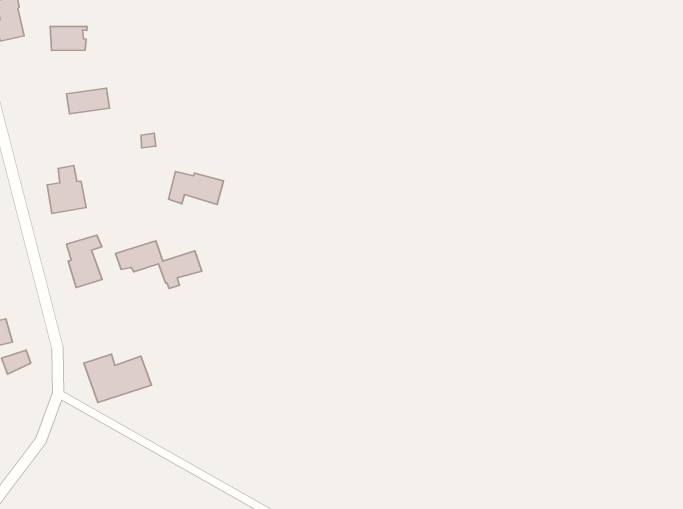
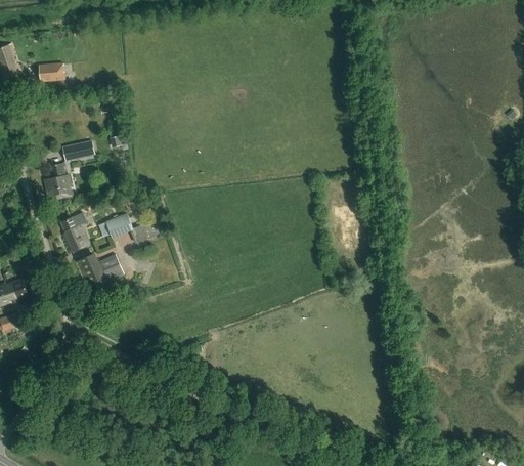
building: [67,88,109,114] -> [62,140,94,161]
building: [169,172,223,205] -> none
building: [84,354,152,403] -> [74,254,124,290]

